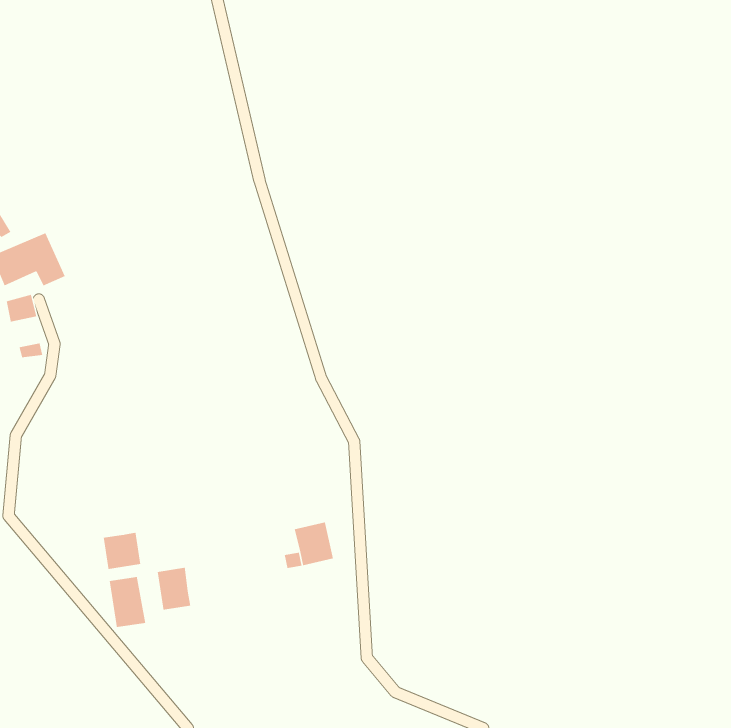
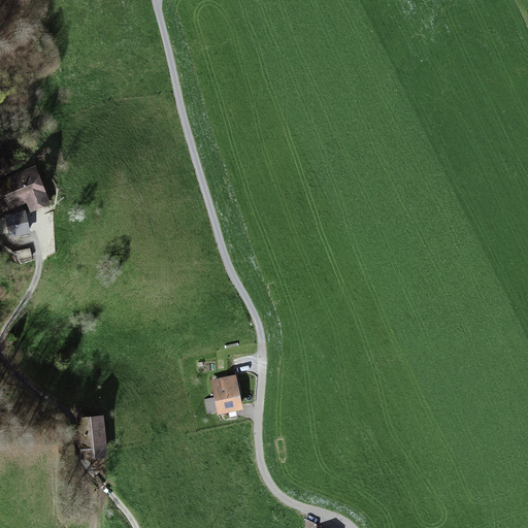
building: [103,532,141,570] -> none
building: [157,567,191,610] -> none

